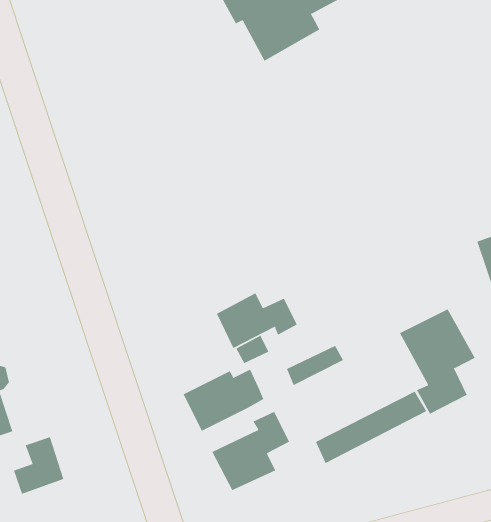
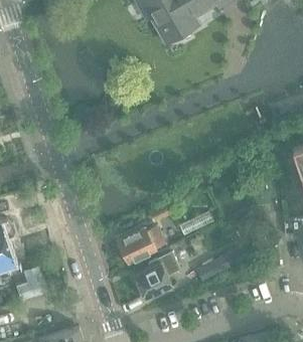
building: [216,292,298,349] -> none
building: [399,309,476,414] -> none

